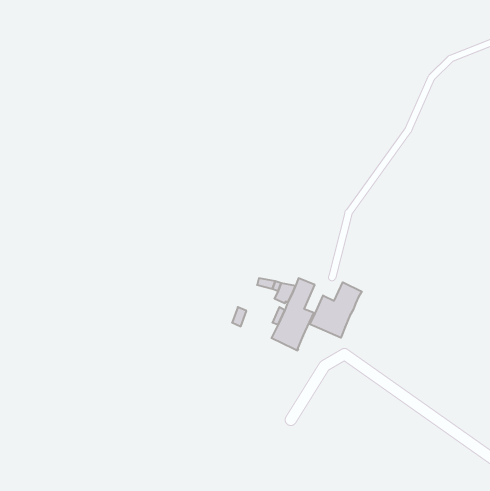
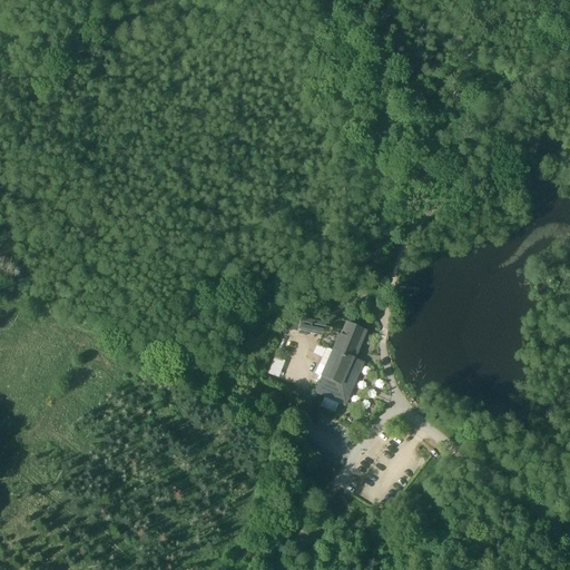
building: [309,282,362,338] -> none

